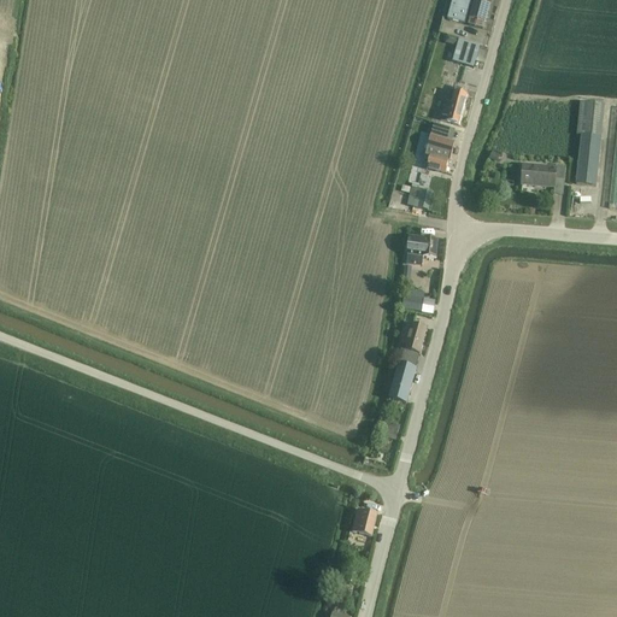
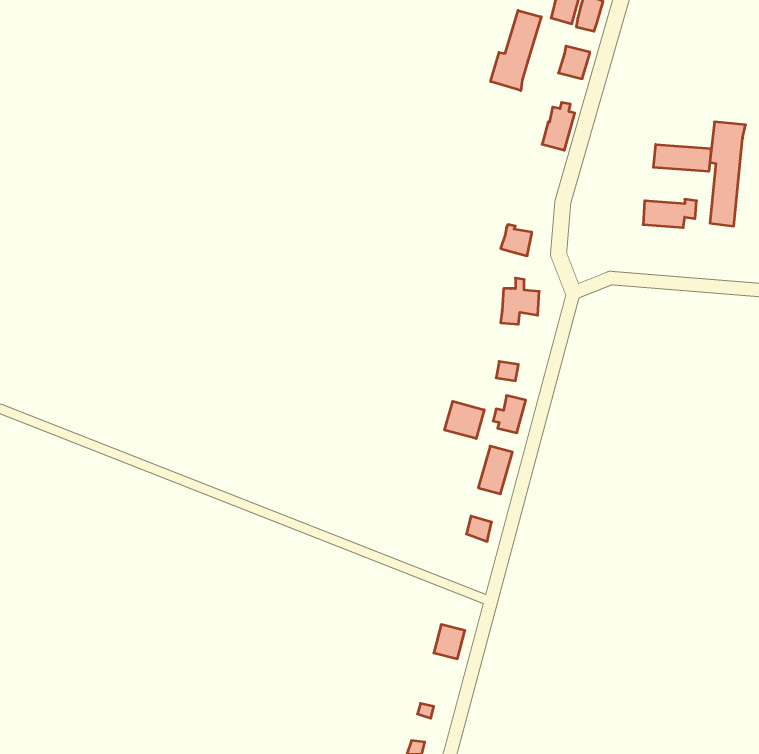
building: none -> [491,10,541,91]
building: none -> [653,144,711,171]
building: [424,134,453,170] -> none
building: none -> [445,401,484,439]

